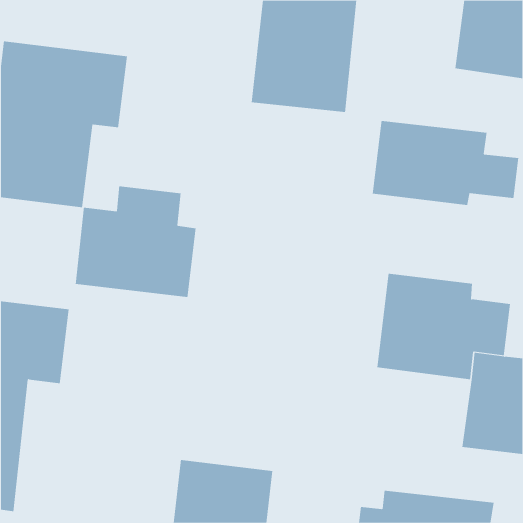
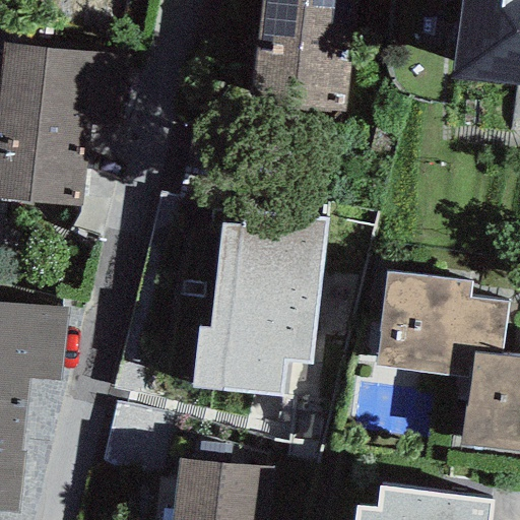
building: [372,120,519,206] -> none
building: [75,185,196,298] -> none
building: none -> [219,204,332,368]

